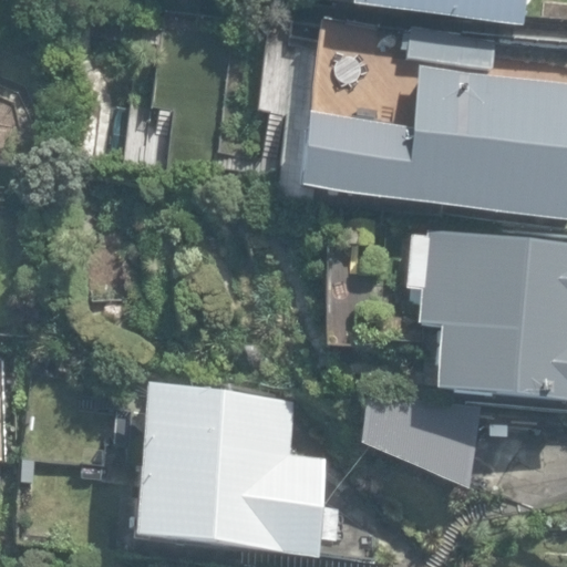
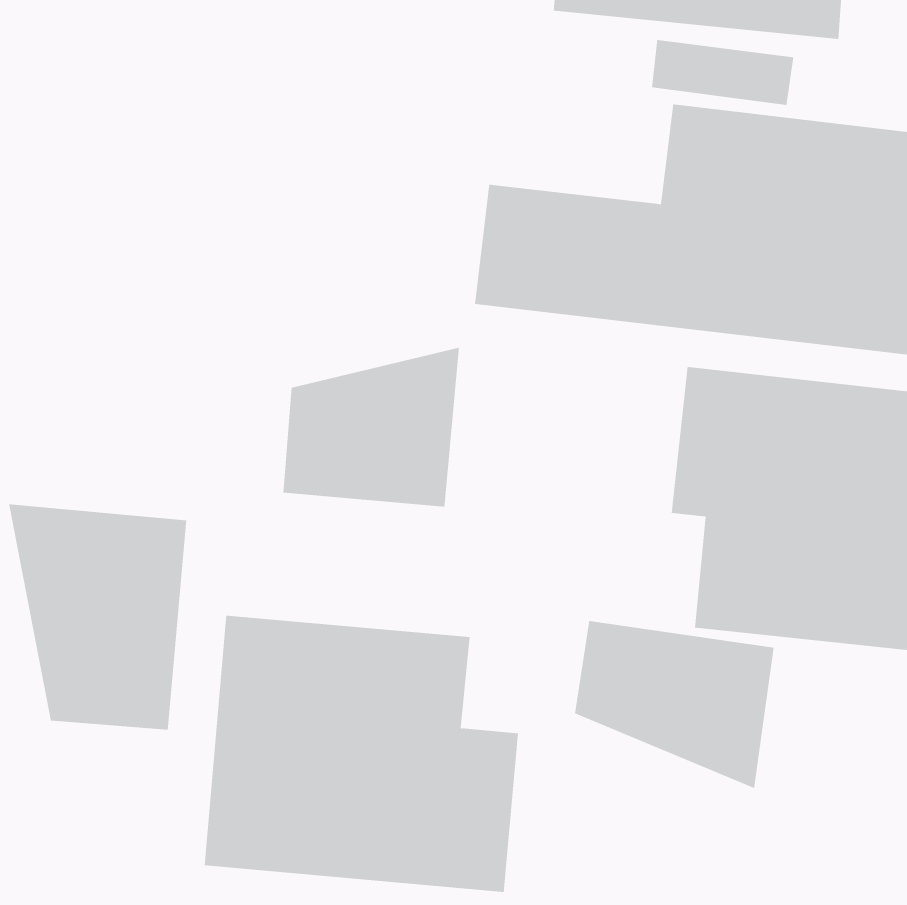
building: none -> [283,347,459,507]
building: none -> [8,503,187,731]

